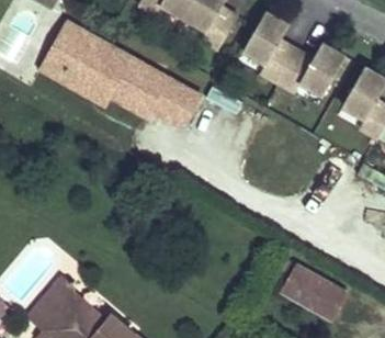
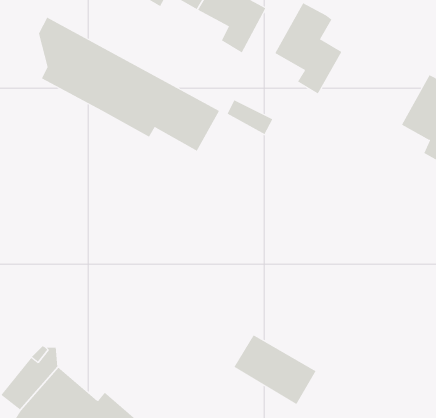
building: [41,35,109,104] -> none
building: [278,43,346,95] -> none
building: [282,264,347,319] -> [234,335,316,405]

